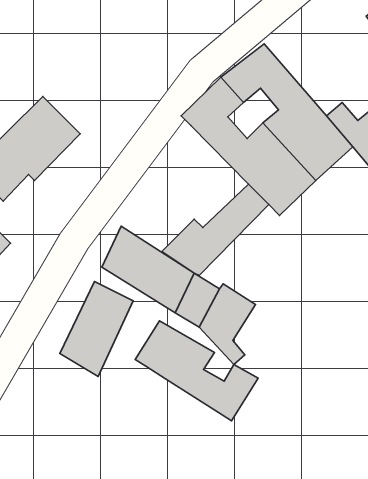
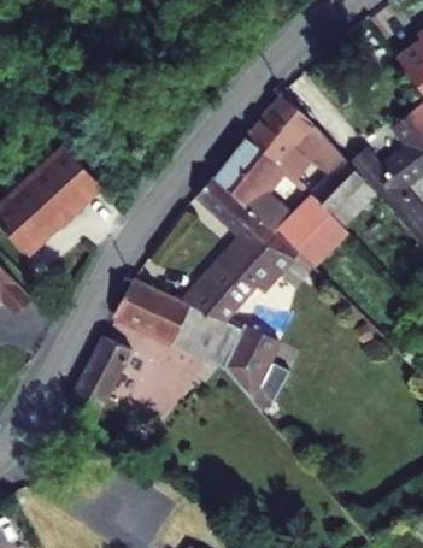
building: none -> [192,176,272,278]
building: [135,321,258,421] -> none

